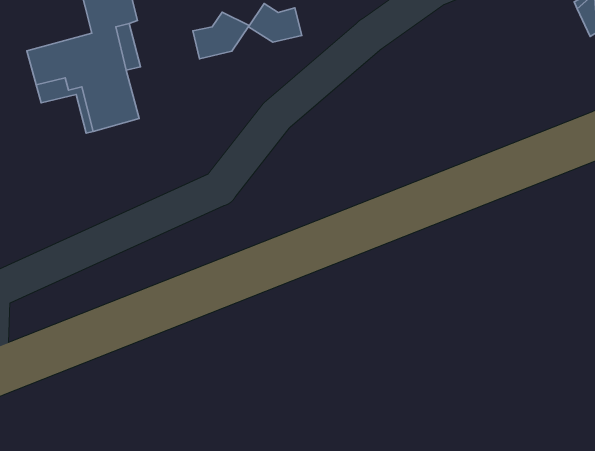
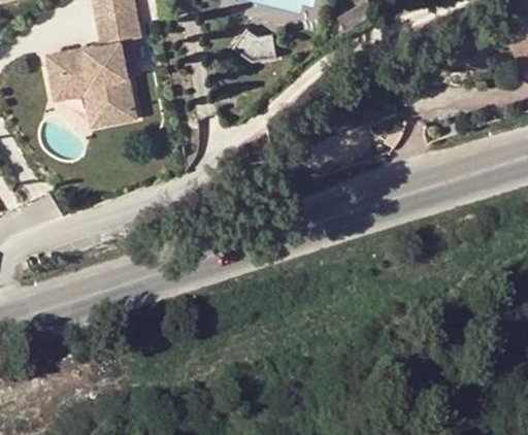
building: [193,12,249,59] -> none

